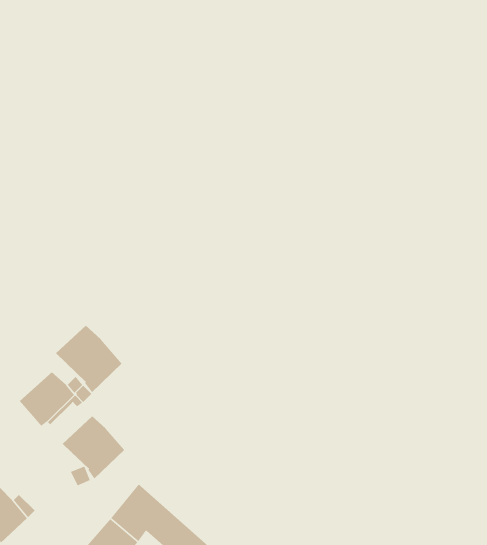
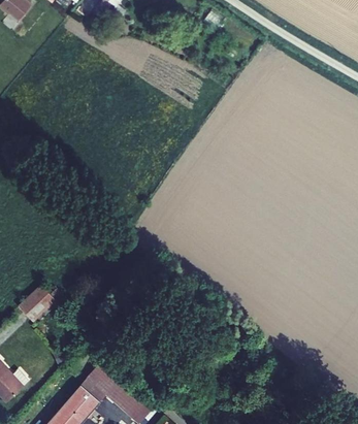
building: [55,325,123,393] -> none
building: [62,416,125,480] -> none

